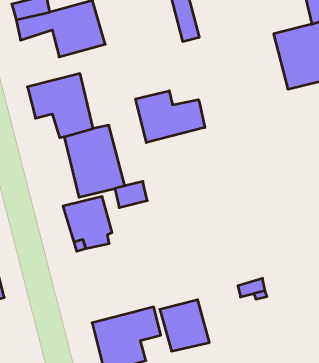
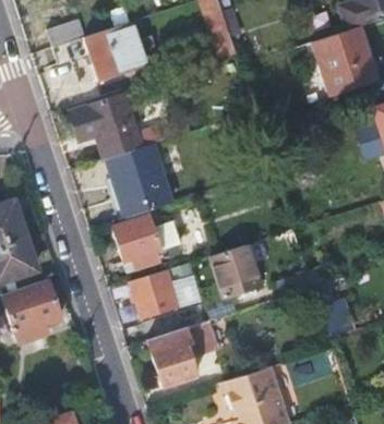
building: [136,91,205,143] -> none
building: none -> [130,267,180,319]
building: [160,300,209,351] -> [215,244,266,296]

